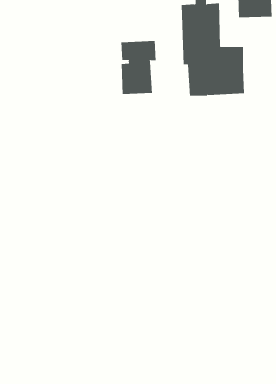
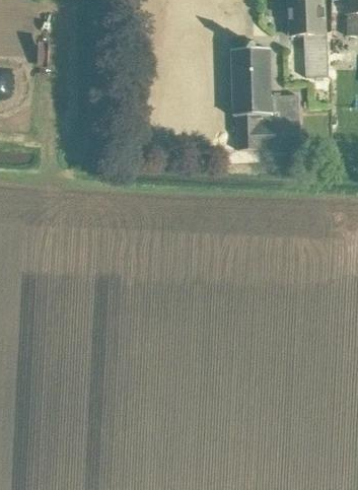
building: [121,40,156,95] -> none

